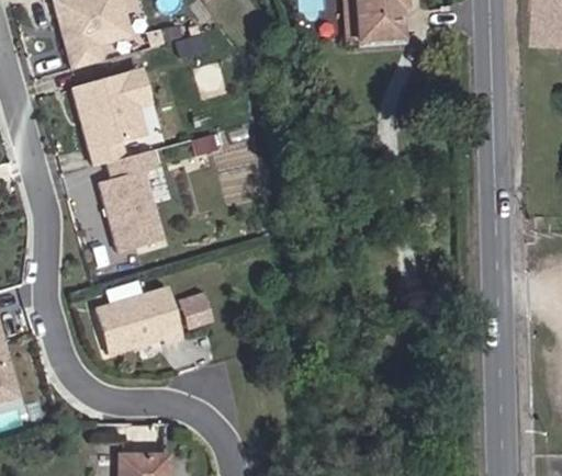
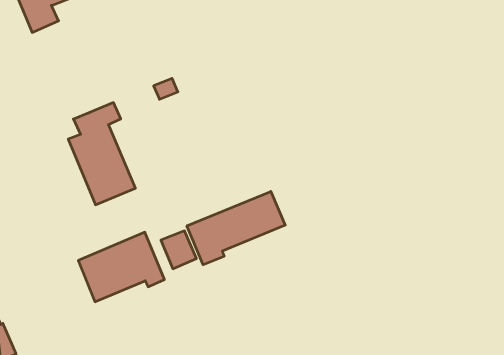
building: [74,70,149,166] -> none
building: none -> [187,191,285,265]

